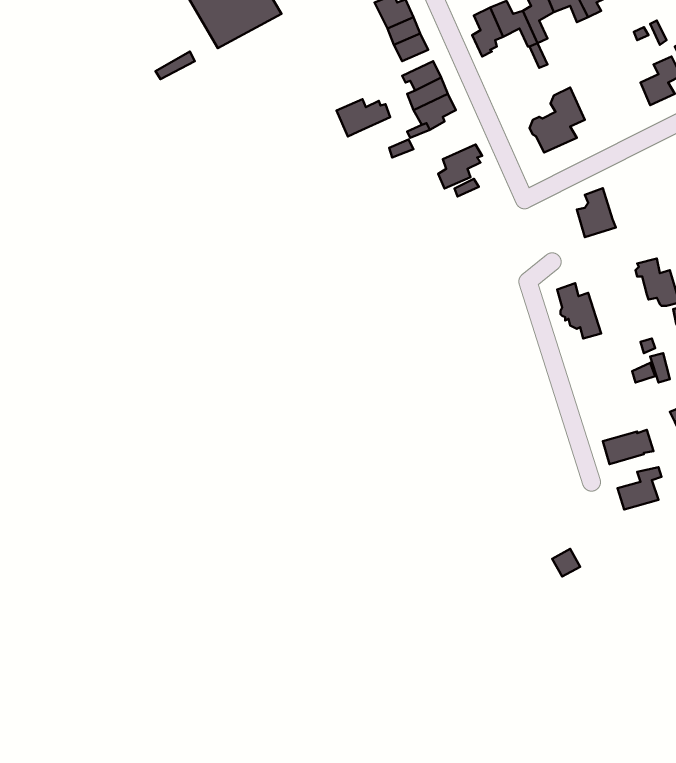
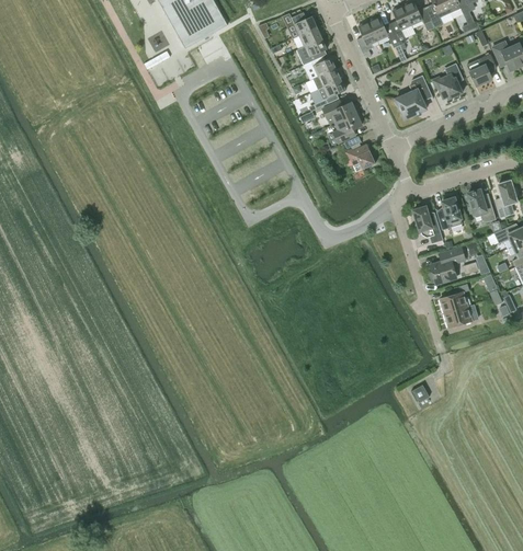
building: none -> [432,62,463,99]
building: [336,99,390,137] -> [322,101,359,126]
building: [577,188,616,237] -> [436,197,463,230]
building: none -> [345,144,375,171]
building: none -> [430,246,465,284]
building: [618,467,662,509] -> [440,284,469,312]

